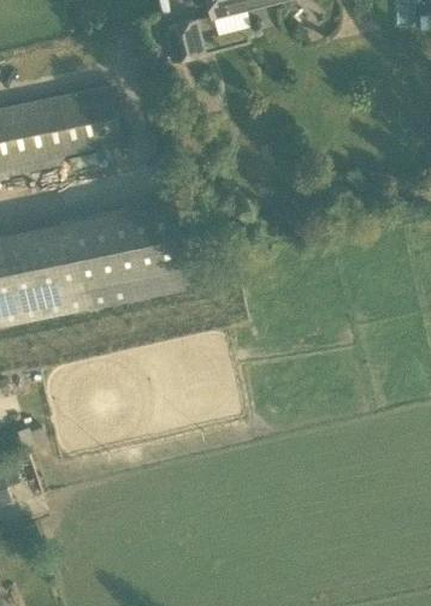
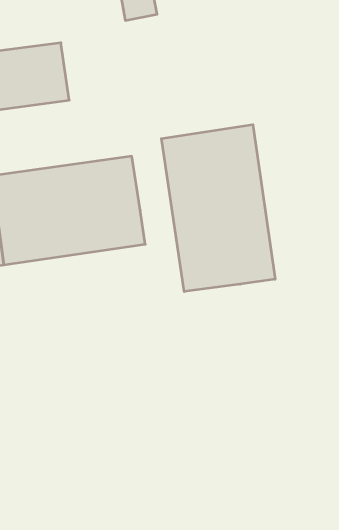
building: none -> [161,125,275,292]

